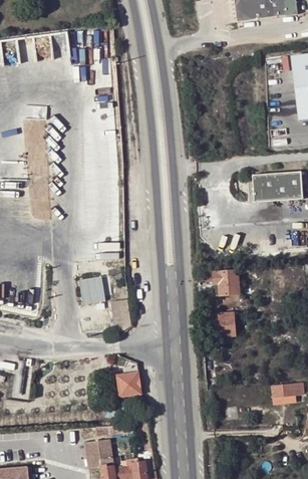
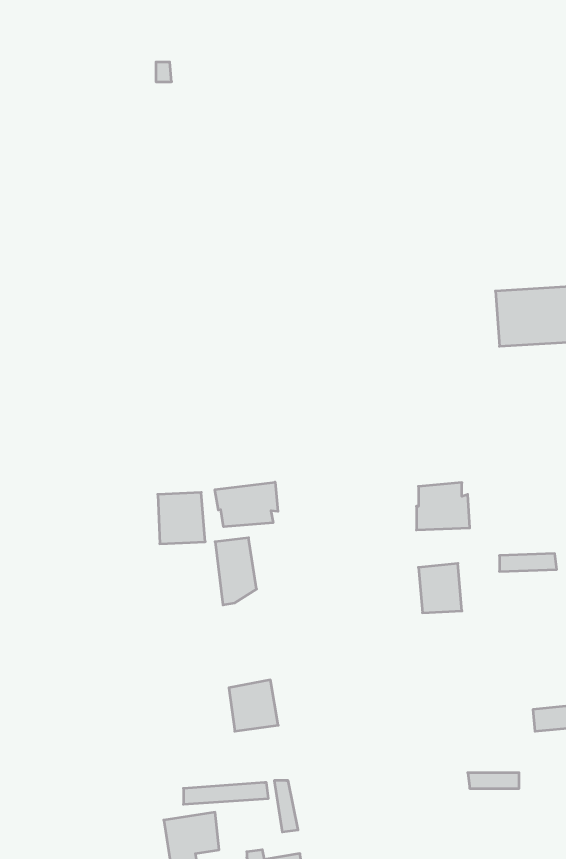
building: none -> [215,482,278,527]

